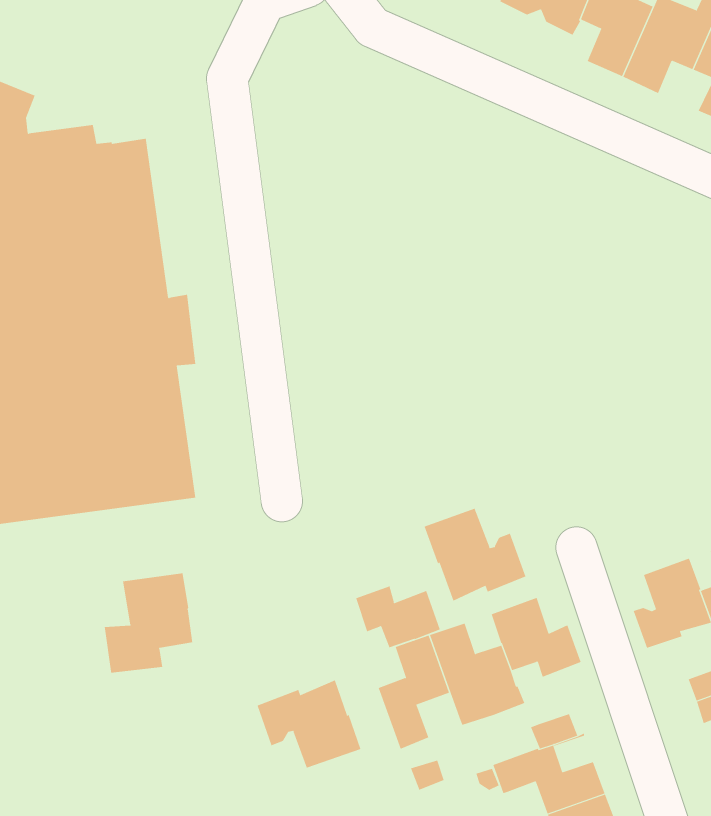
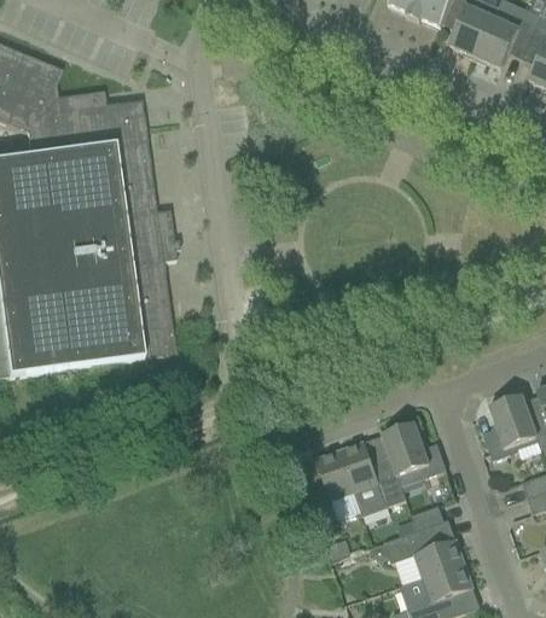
building: [424,508,526,601] -> none
building: [104,573,193,673] -> none
building: [356,586,441,648] -> none
building: [257,680,361,768] -> none

